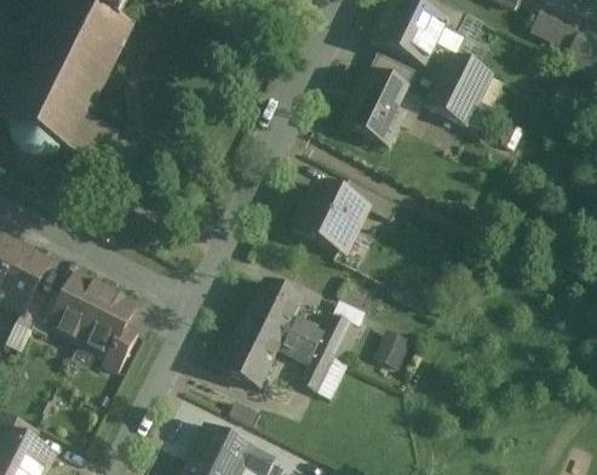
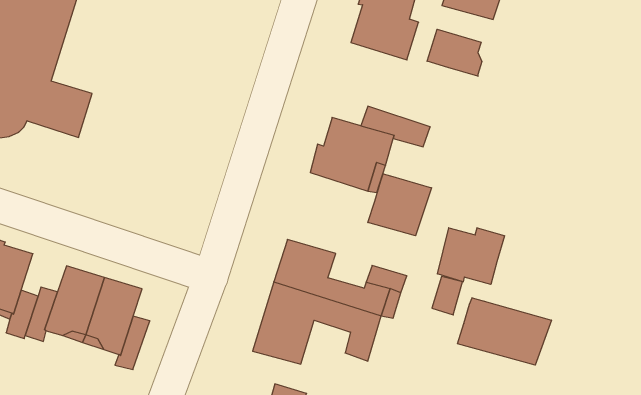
building: none -> [427,29,482,76]
building: none -> [368,174,432,236]
building: none -> [437,228,505,284]
building: none -> [457,298,551,365]

